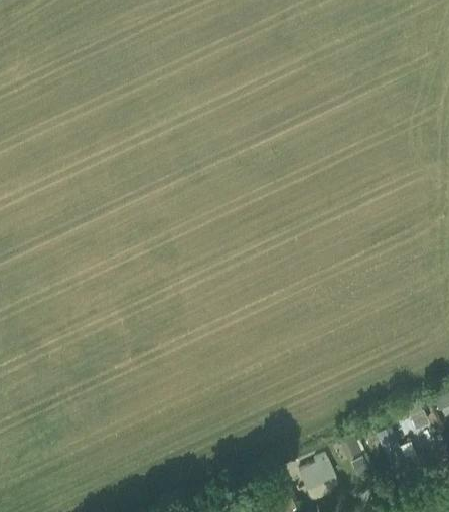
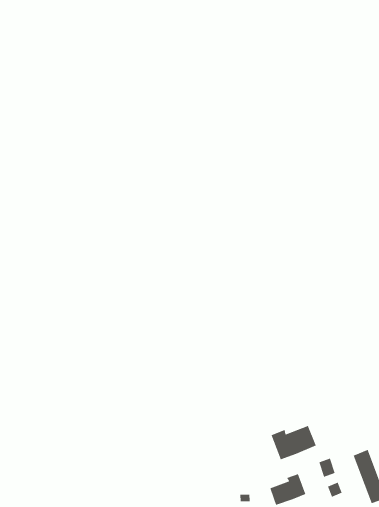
building: none -> [271,425,317,460]

